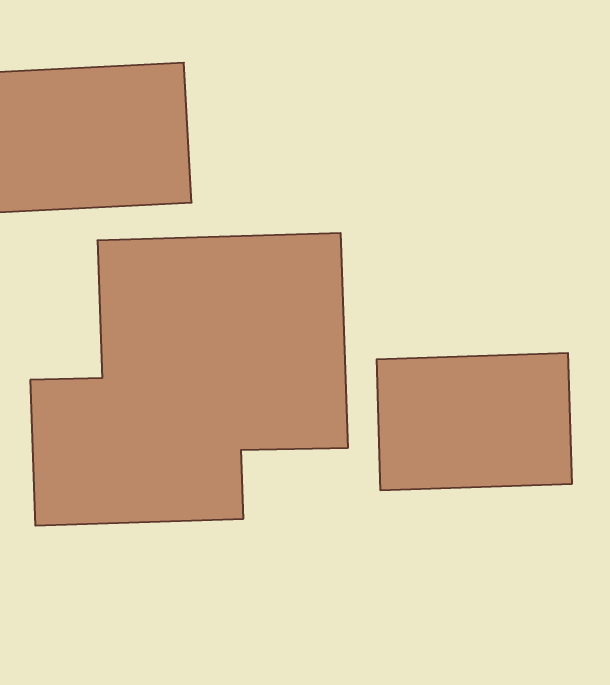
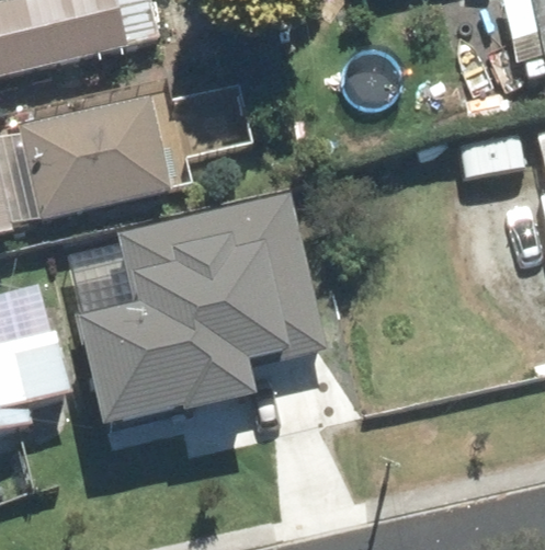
building: [377,353,572,490] -> none

